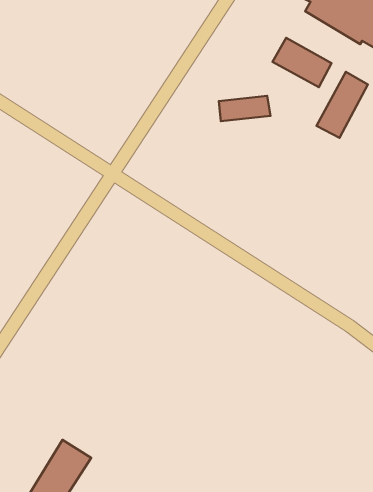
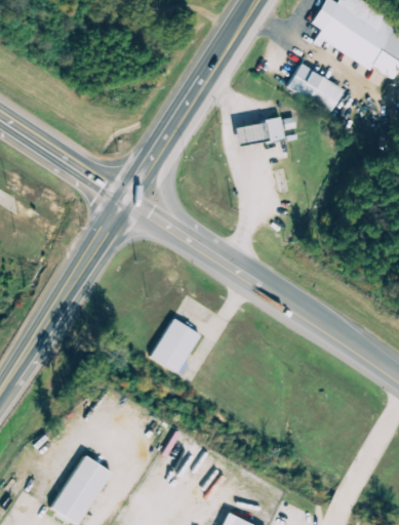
building: [317,72,368,138] -> none
building: none -> [150,319,200,375]

